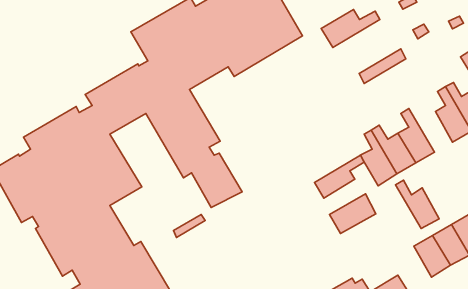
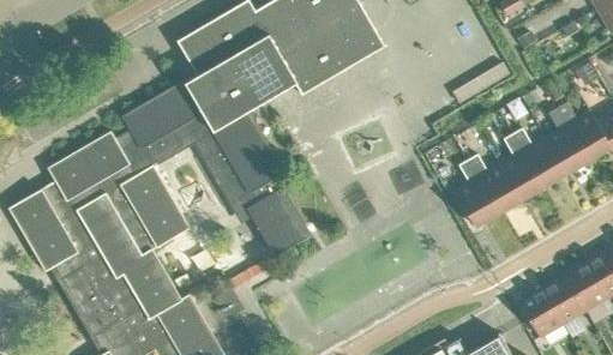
building: [321,9,380,48] -> none
building: [315,155,364,198] -> none
building: [396,180,439,229] -> [512,128,565,187]
building: [330,194,376,233] -> none

